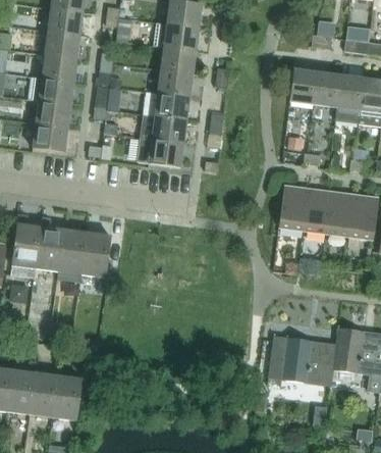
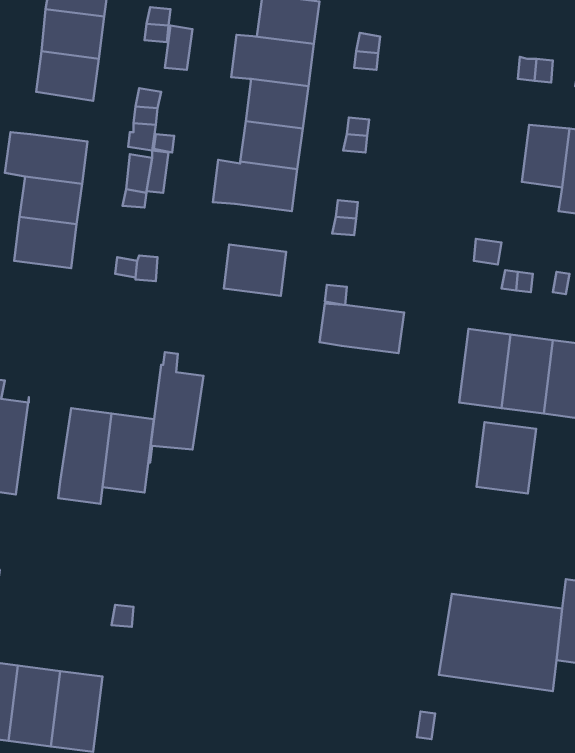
building: [42,54,76,82] -> none
building: [289,57,319,104] -> none
building: [140,115,186,143] -> [319,303,404,353]
building: [34,216,64,278] -> [148,352,204,462]
building: none -> [476,422,536,494]

